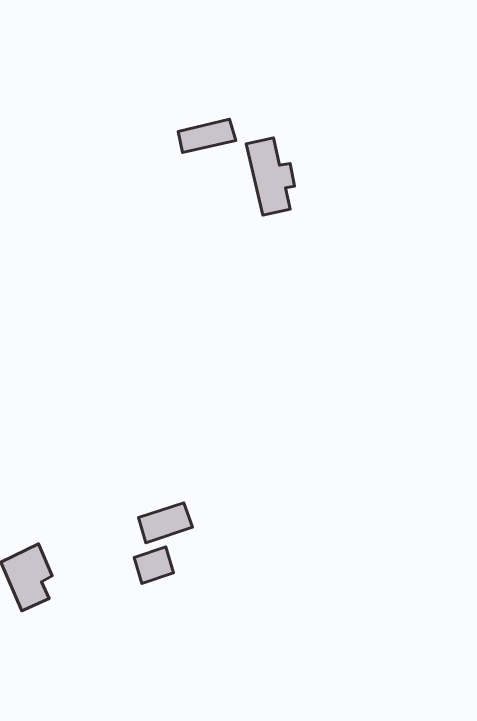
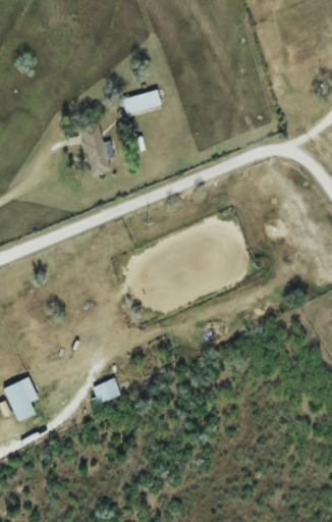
building: [246,138,295,215] -> [80,123,113,175]
building: [138,503,192,543] -> none

